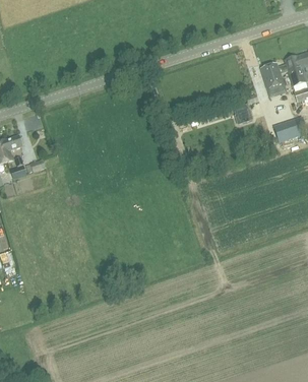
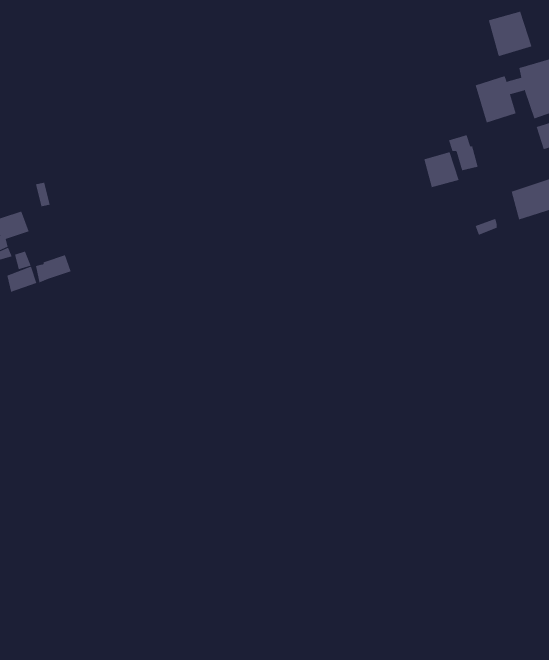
building: none -> [488,11,532,57]

